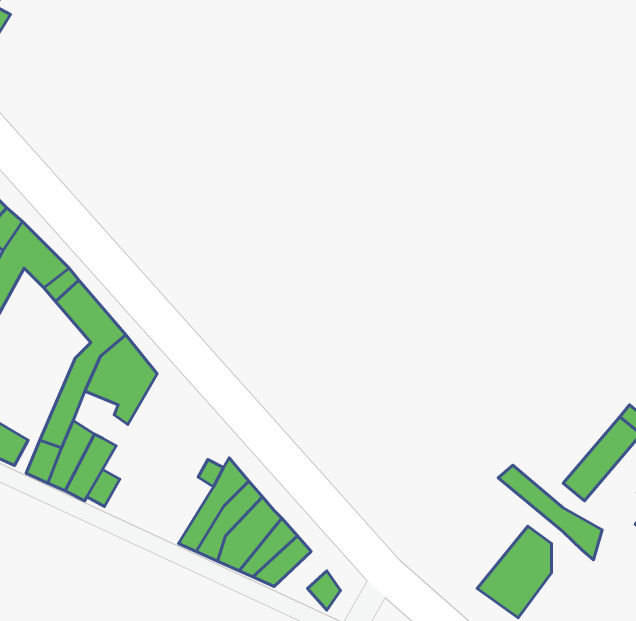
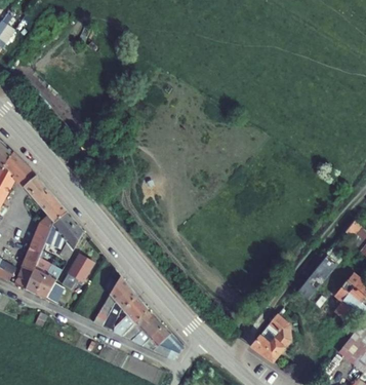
building: none -> [62,254,93,288]
building: [498,465,602,560] -> none

